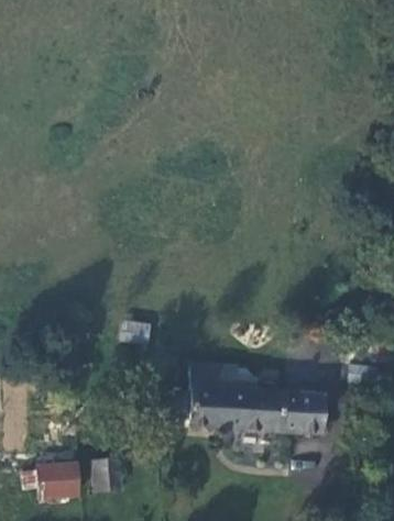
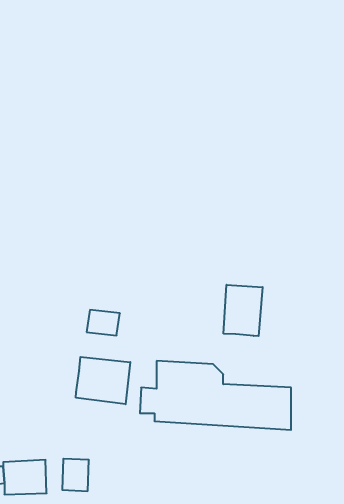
building: none -> [224,285,263,336]
building: none -> [76,357,130,404]

